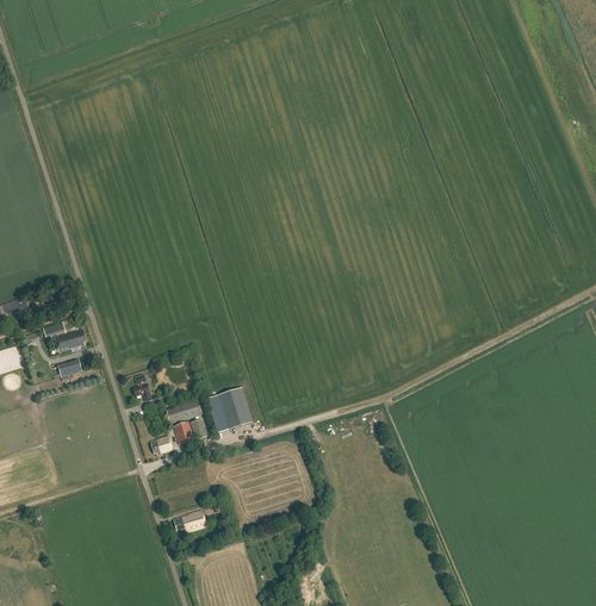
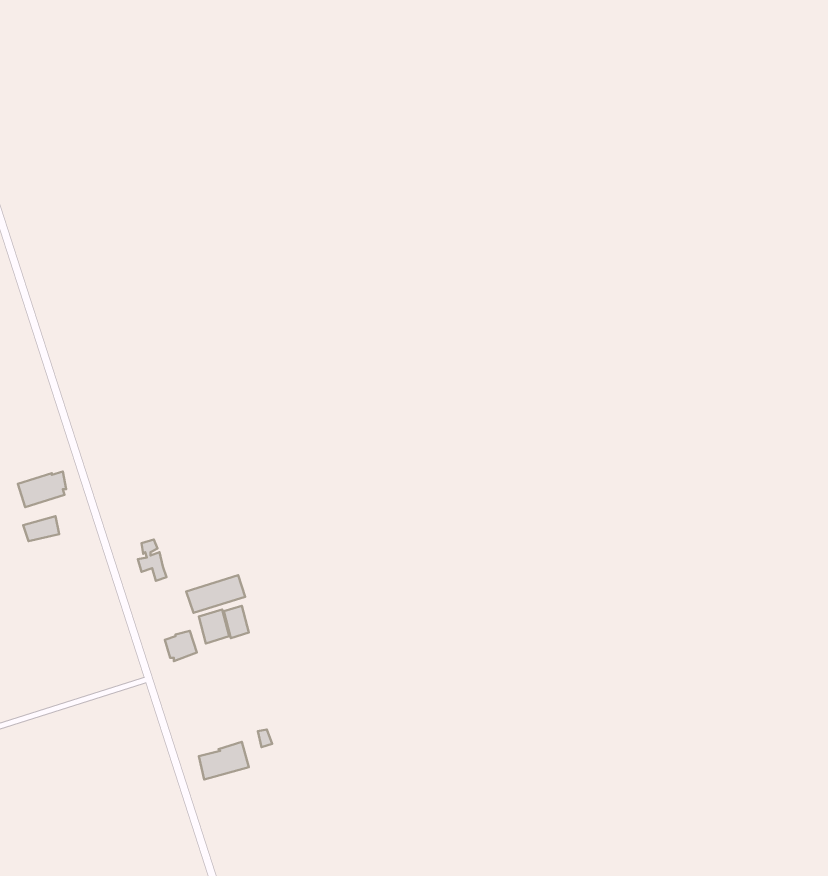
building: [217,387,252,429] -> none

